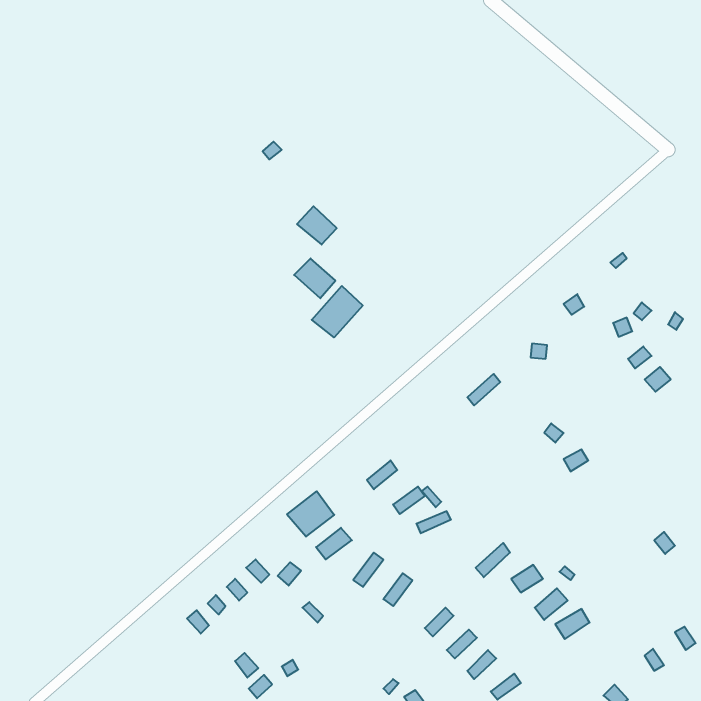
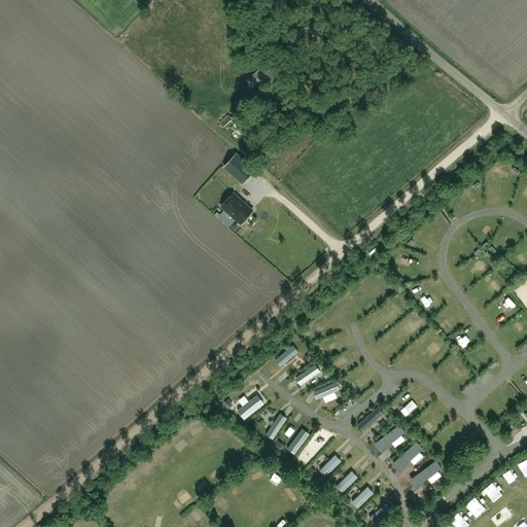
building: [312,286,363,337] -> none
building: [287,491,334,537] -> none

